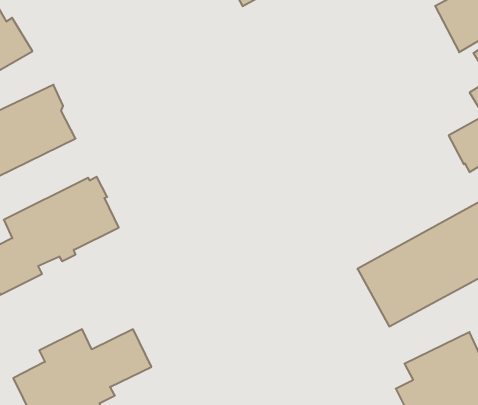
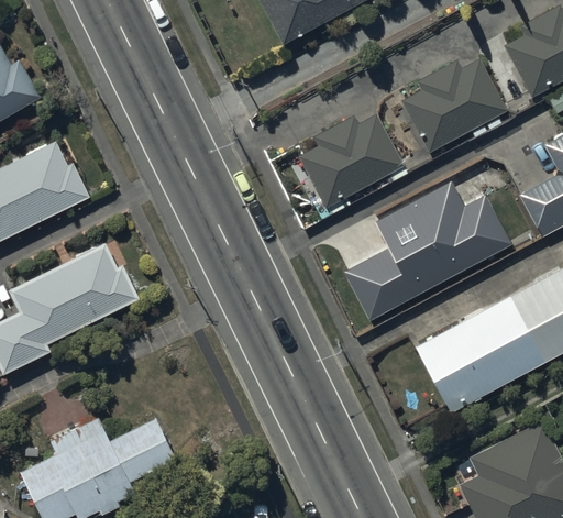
building: none -> [400,59,507,154]
building: none -> [298,113,404,208]
building: none -> [343,181,512,322]

